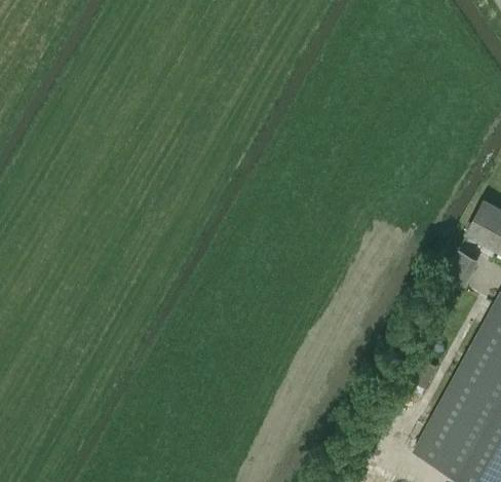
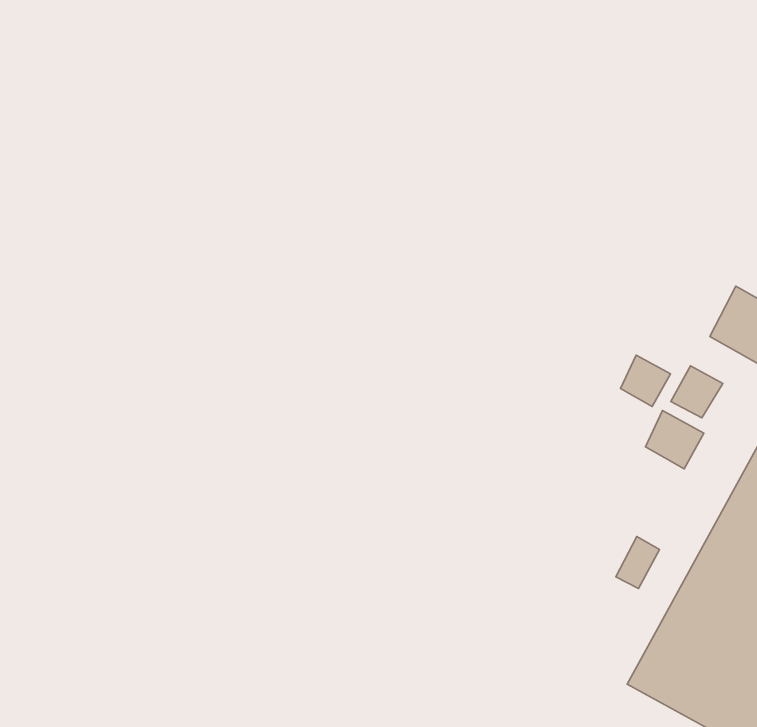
building: none -> [620,355,670,407]
building: none -> [645,410,704,469]

